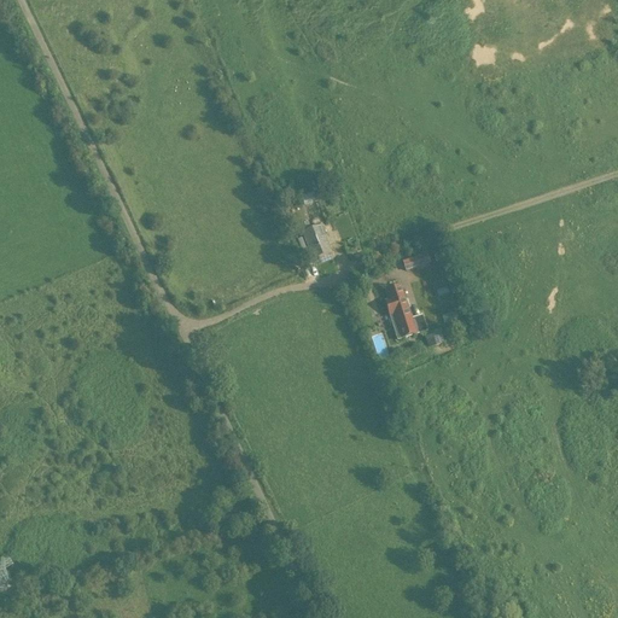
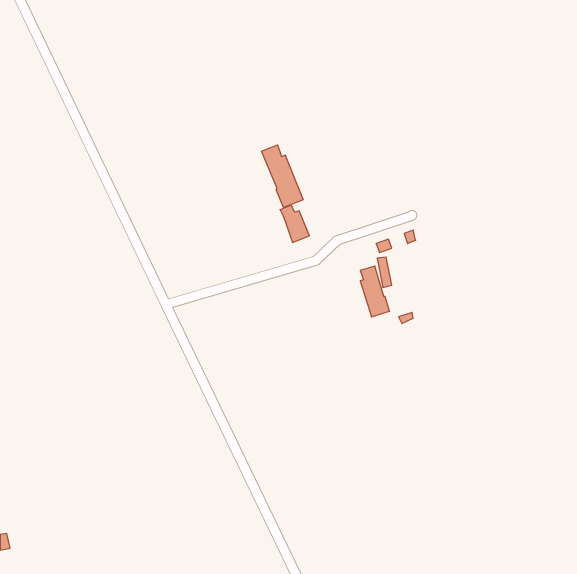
building: none -> [262,145,303,208]

